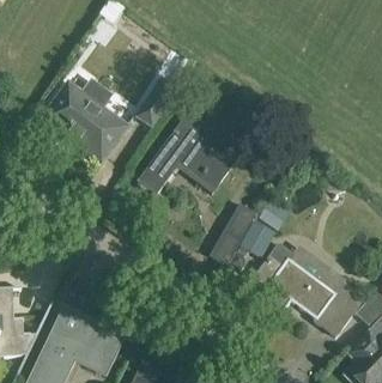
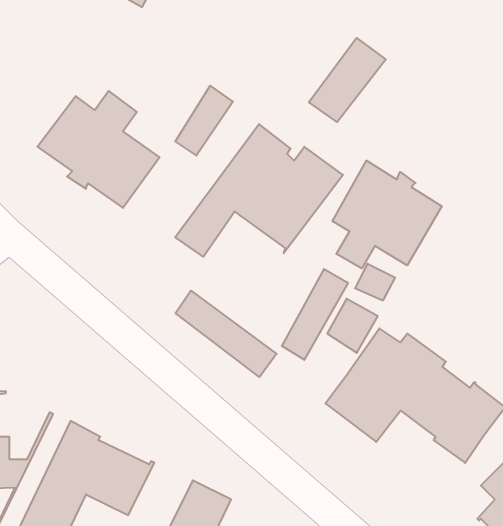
building: none -> [309,38,386,122]
building: none -> [332,160,442,268]
building: none -> [176,291,277,377]

